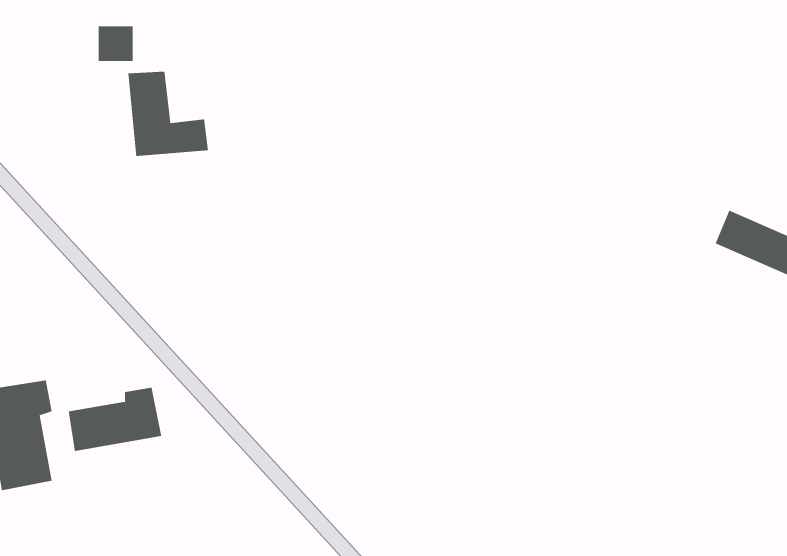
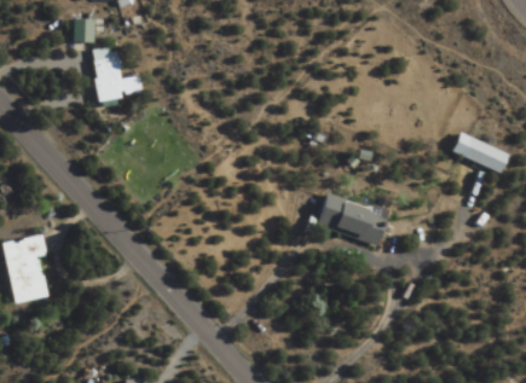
building: none -> [316,191,388,245]
building: [68,387,162,452] -> none

